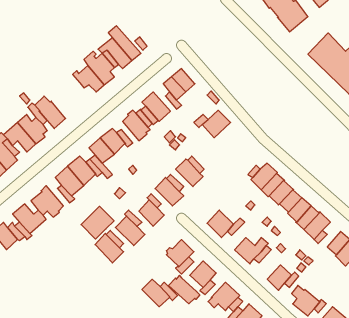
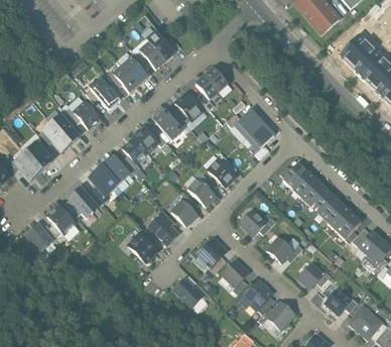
building: none -> [86,80,124,111]
building: none -> [246,123,274,150]
building: [81,206,114,239] -> none
building: [169,275,200,304] -> none

